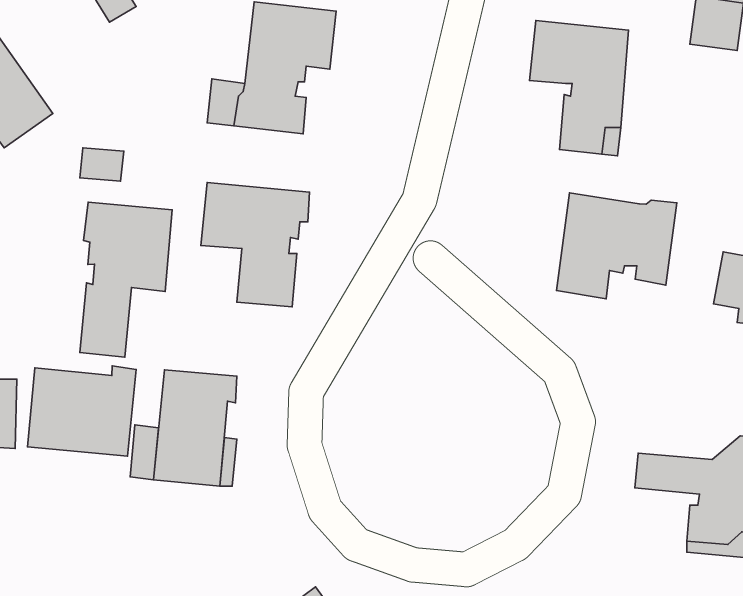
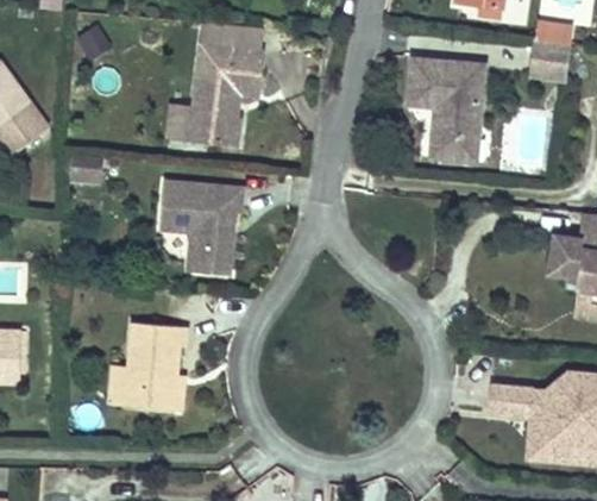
building: [557,193,677,299] -> none
building: [80,202,172,357] -> none
building: [27,366,136,456] -> none

